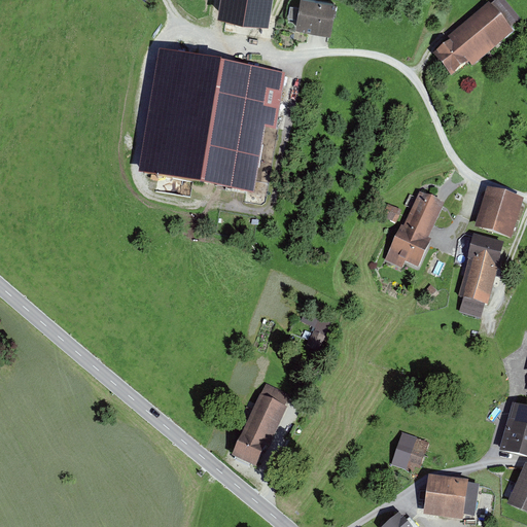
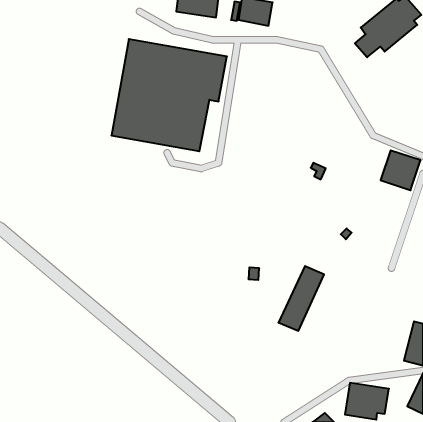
building: [383,192,446,268] -> none
building: [454,233,503,316] -> none
building: [235,382,291,462] -> [278,266,324,331]
building: [394,432,432,471] -> none

